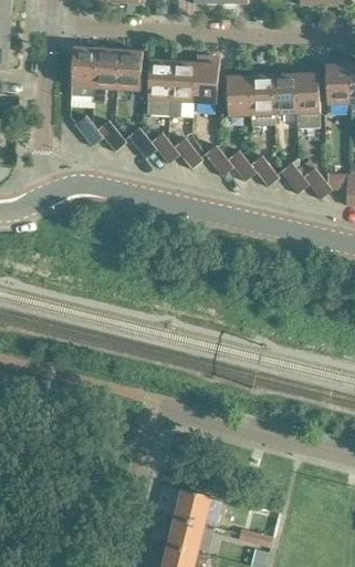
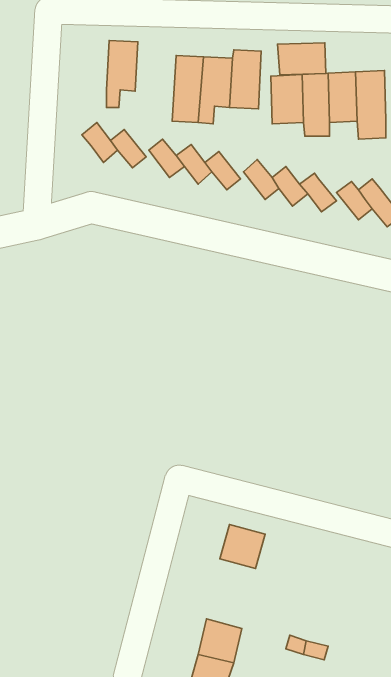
building: [71,47,96,95] -> none
building: [117,49,143,90] -> none
building: none -> [277,43,326,75]
building: [175,487,211,523] -> [220,525,265,568]

